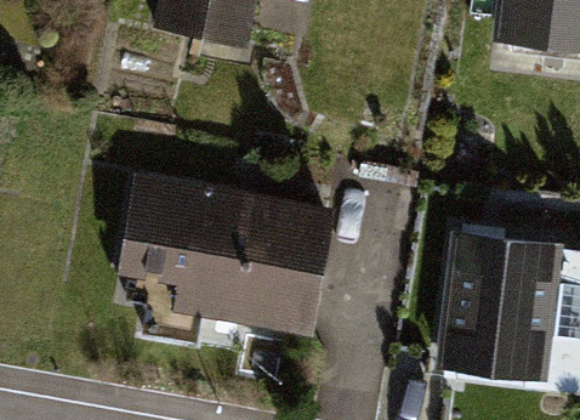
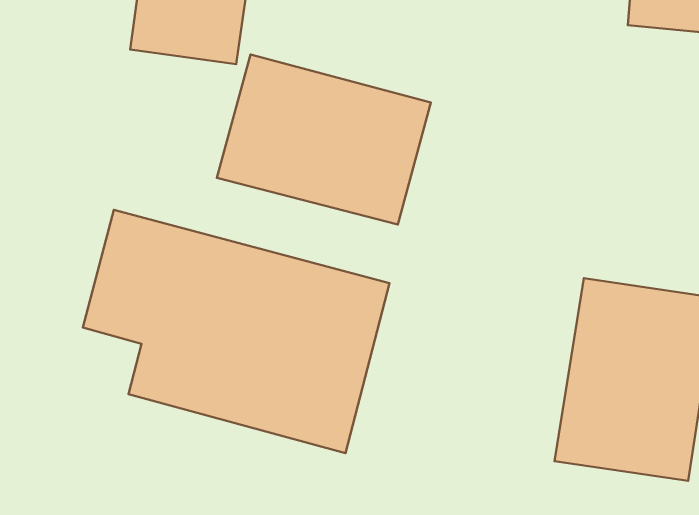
building: none -> [217,55,431,224]

